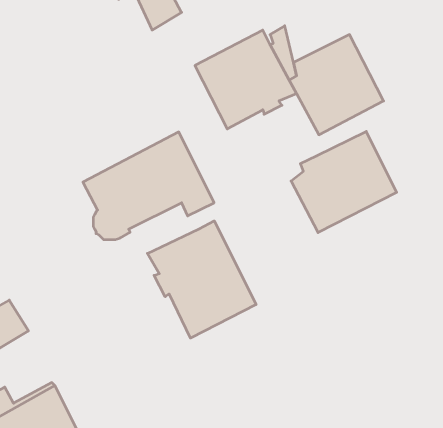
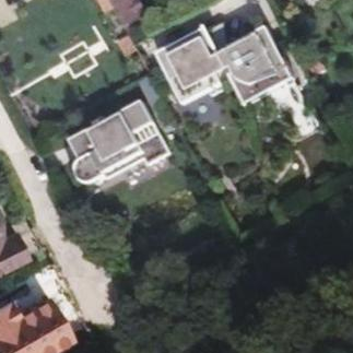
building: [291,131,397,233] -> none
building: [147,221,256,338] -> none

